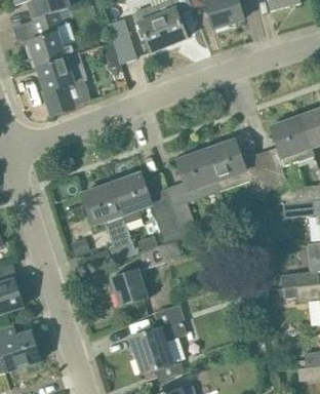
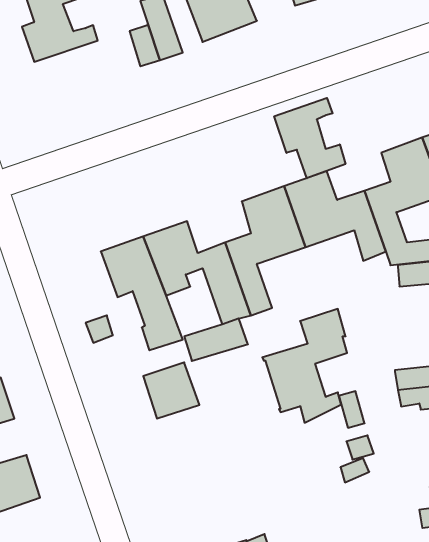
building: [36,50,90,114] -> none
building: none -> [274,98,345,178]
building: [129,304,187,381] -> [262,309,347,423]

